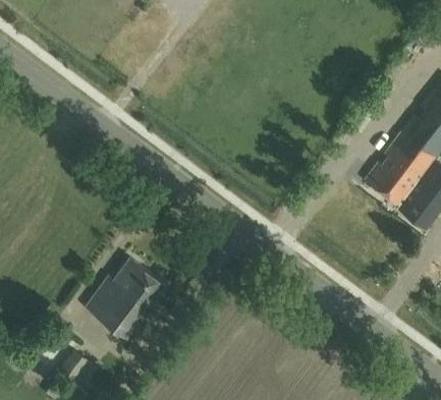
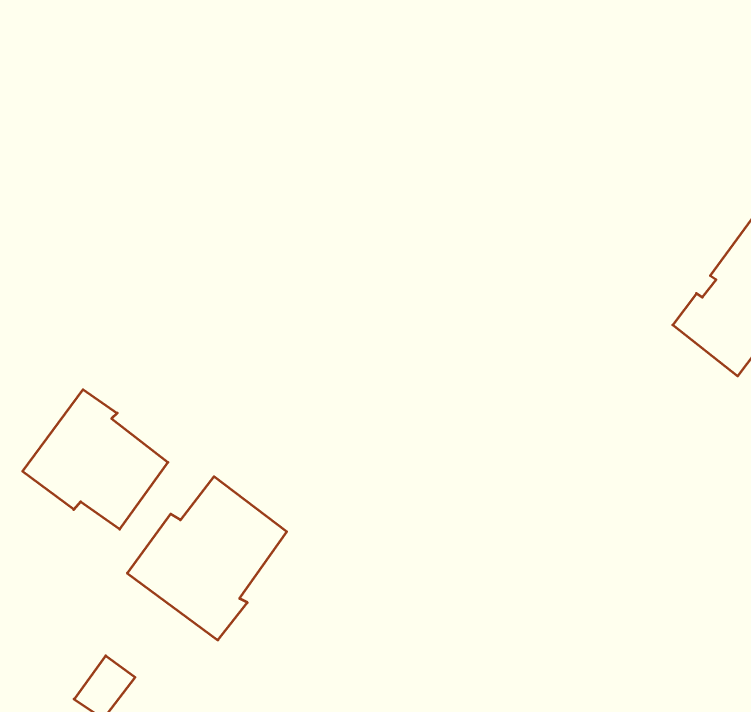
building: none -> [23,390,168,529]

